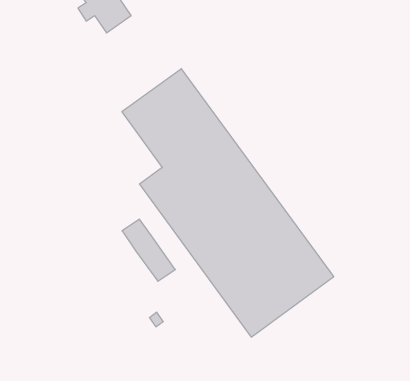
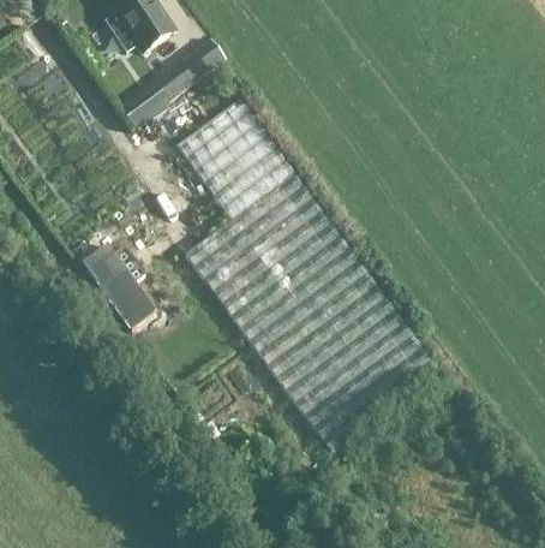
building: none -> [120,38,223,125]
building: [122,219,175,281] -> [85,244,155,326]

